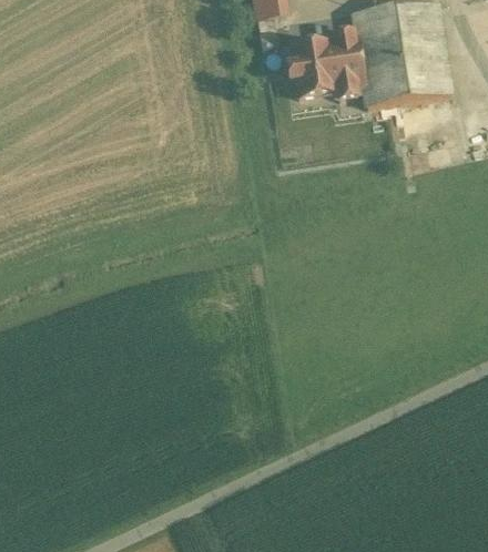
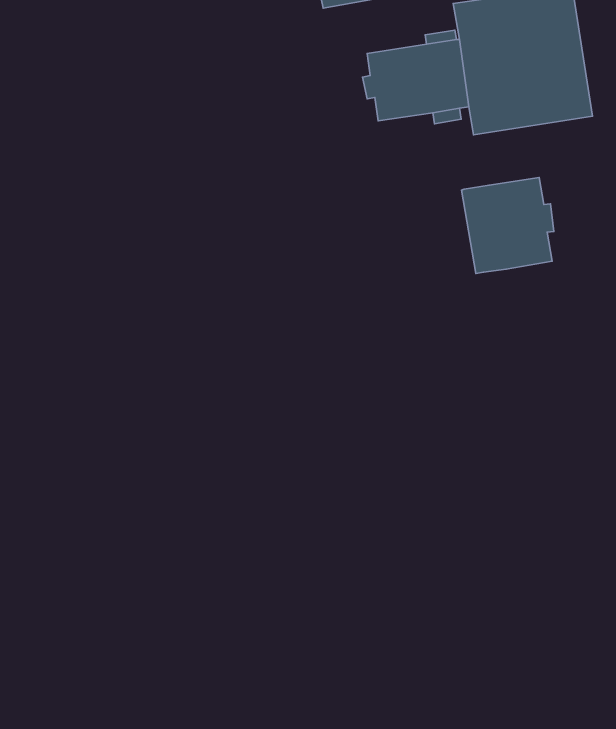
building: none -> [462,177,554,273]

